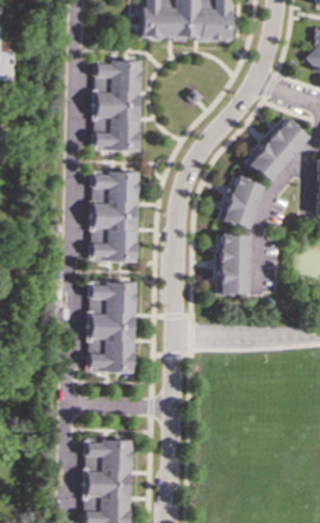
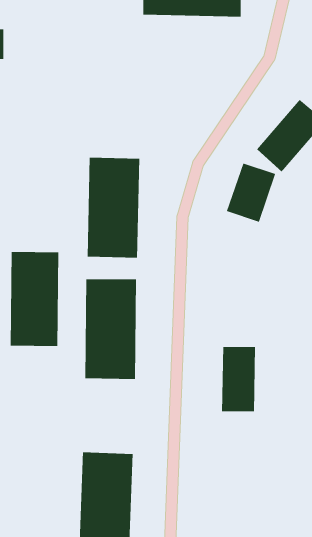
building: [92,60,141,152] -> none
building: [216,235,247,295] -> [221,346,256,412]
building: none -> [10,251,59,347]

